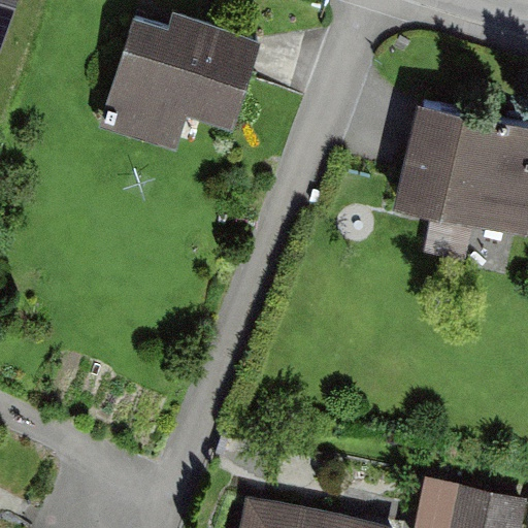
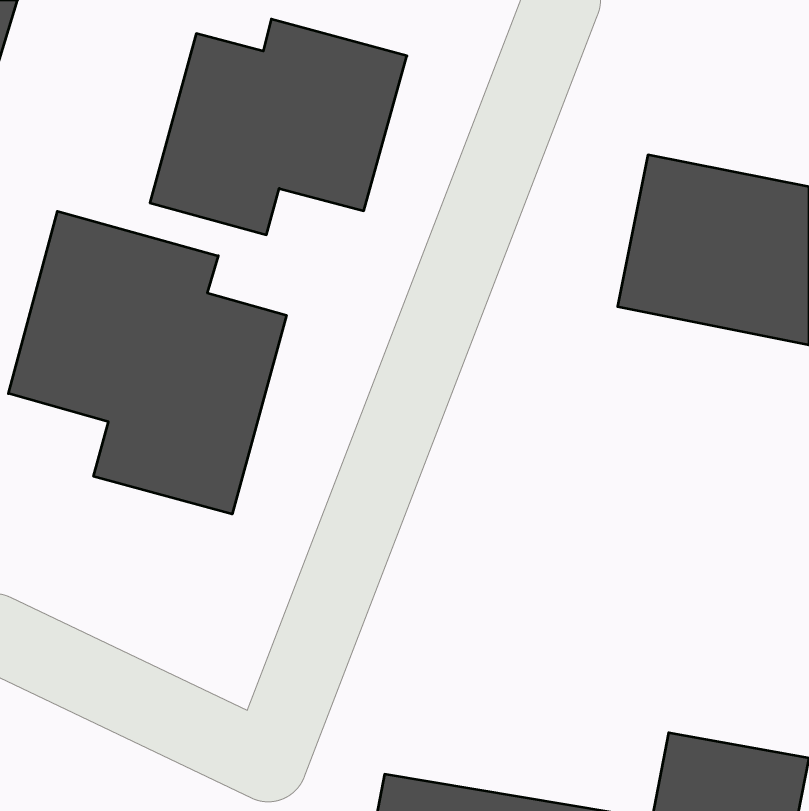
building: none -> [8,211,286,514]

